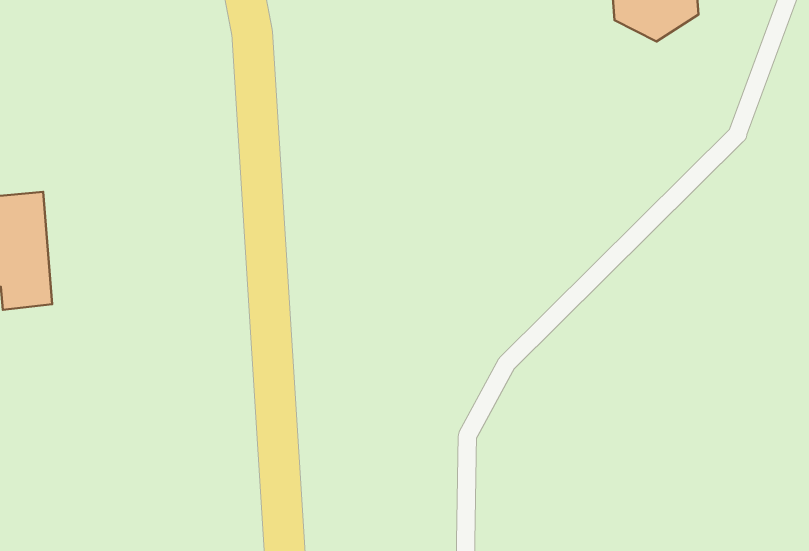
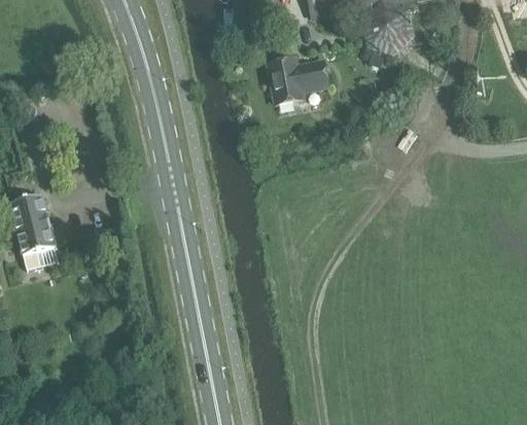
building: none -> [269,58,328,102]

